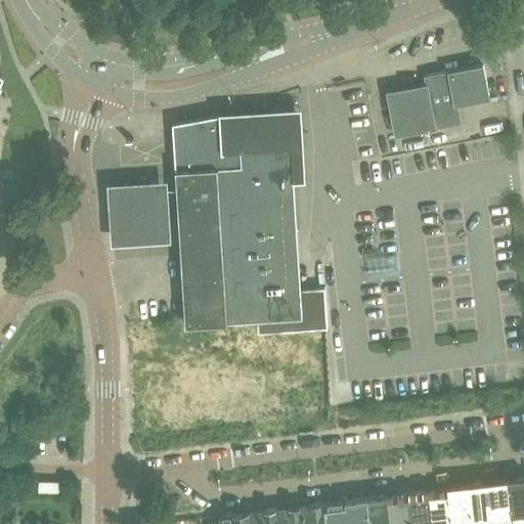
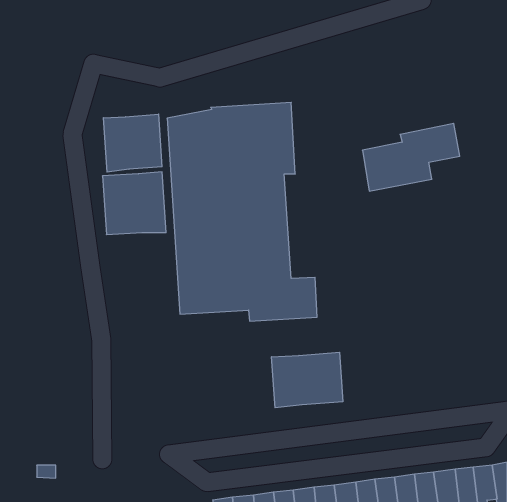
building: [388,70,488,139] -> [362,123,460,191]
building: none -> [103,114,162,172]
building: none -> [272,352,343,408]

